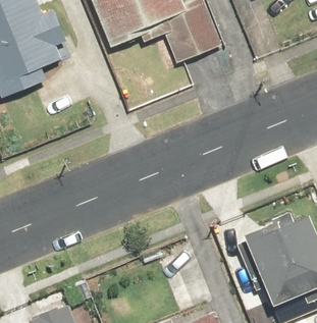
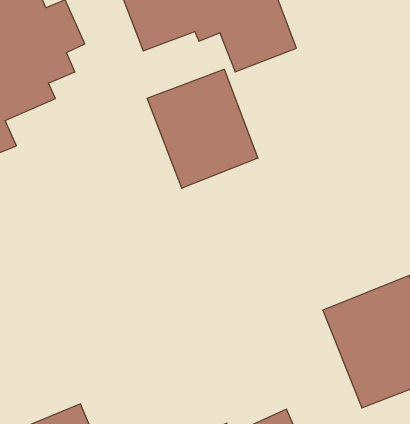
building: none -> [147,69,258,188]

